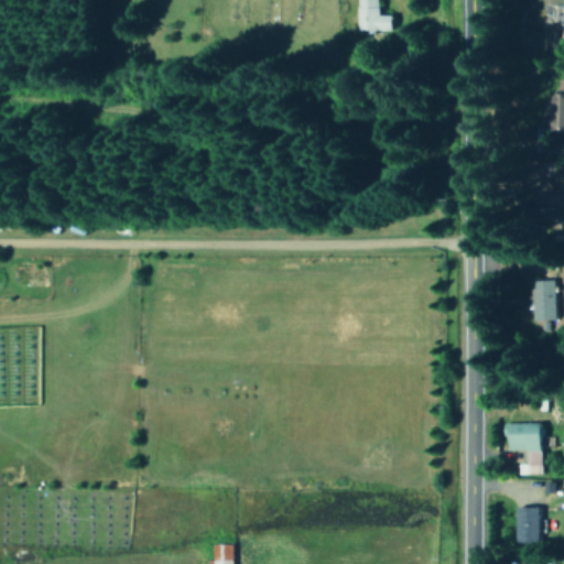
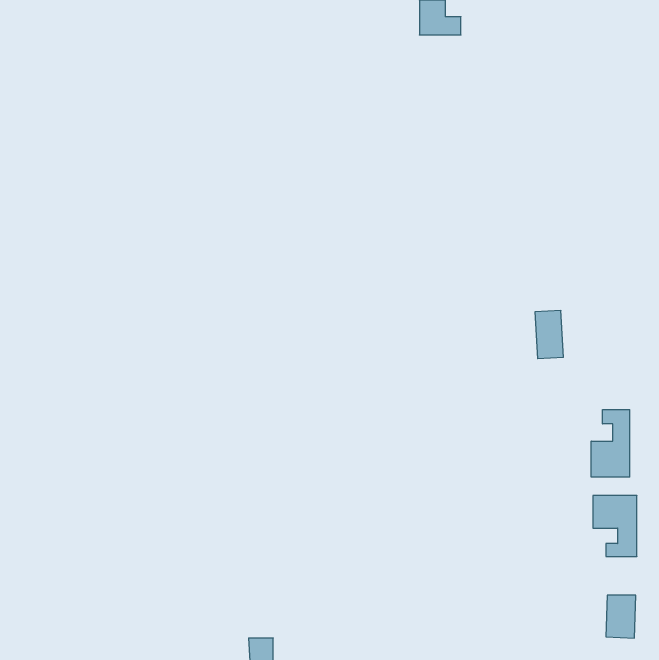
building: [532,280,556,321] -> [535,311,563,359]
building: none -> [591,410,630,477]

